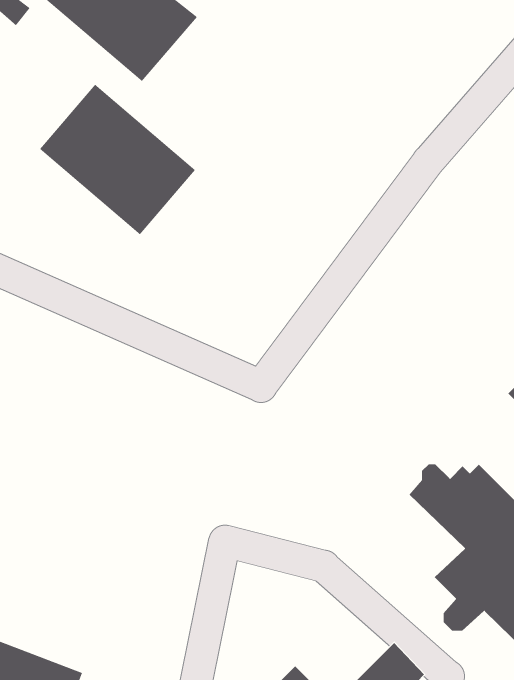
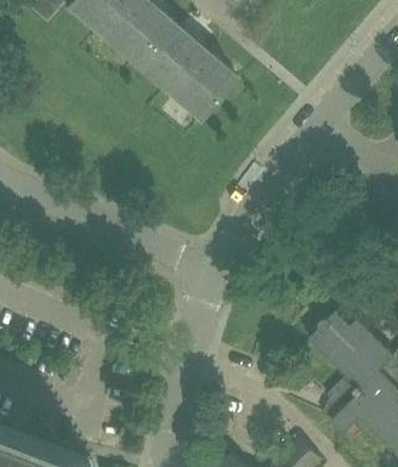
building: [39,84,196,235] -> [131,18,237,120]

